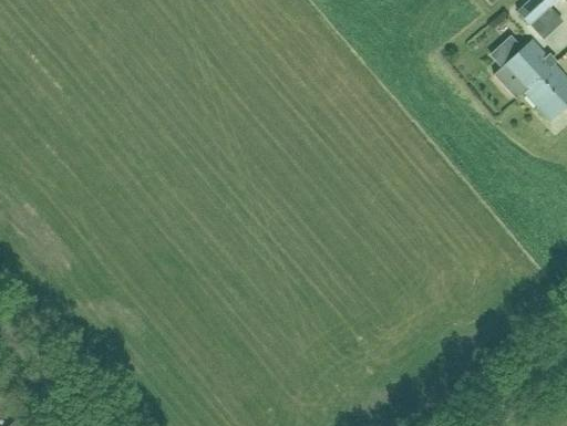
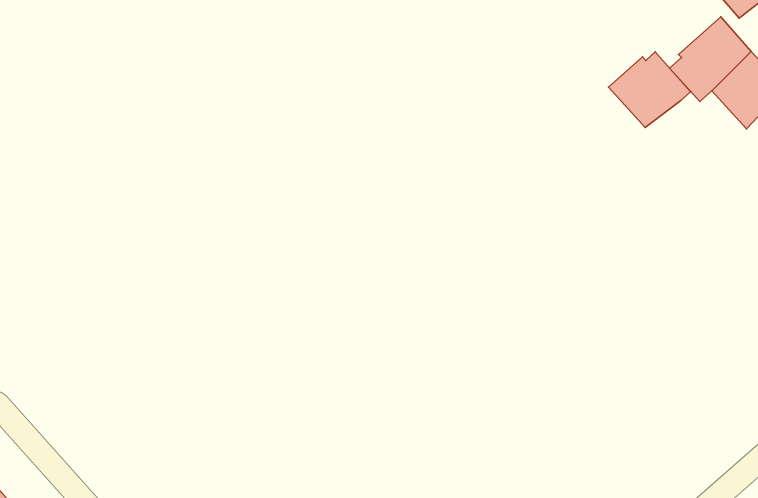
building: none -> [609,52,690,127]

